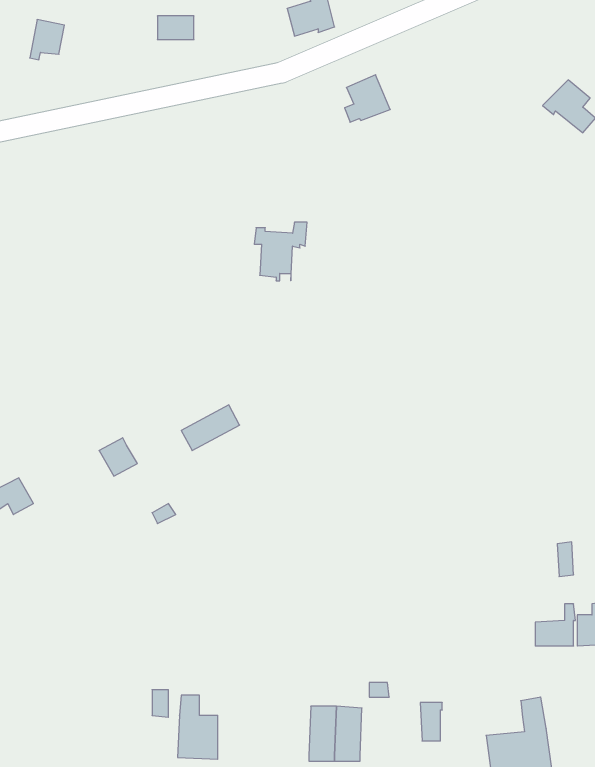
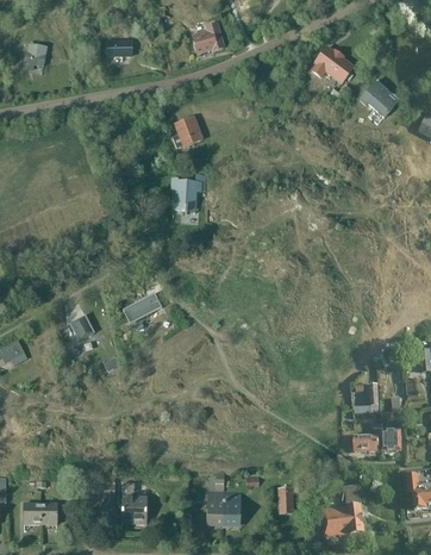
building: none -> [310,44,355,85]
building: [345,75,390,122] -> [173,116,202,146]
building: none -> [23,503,56,523]

